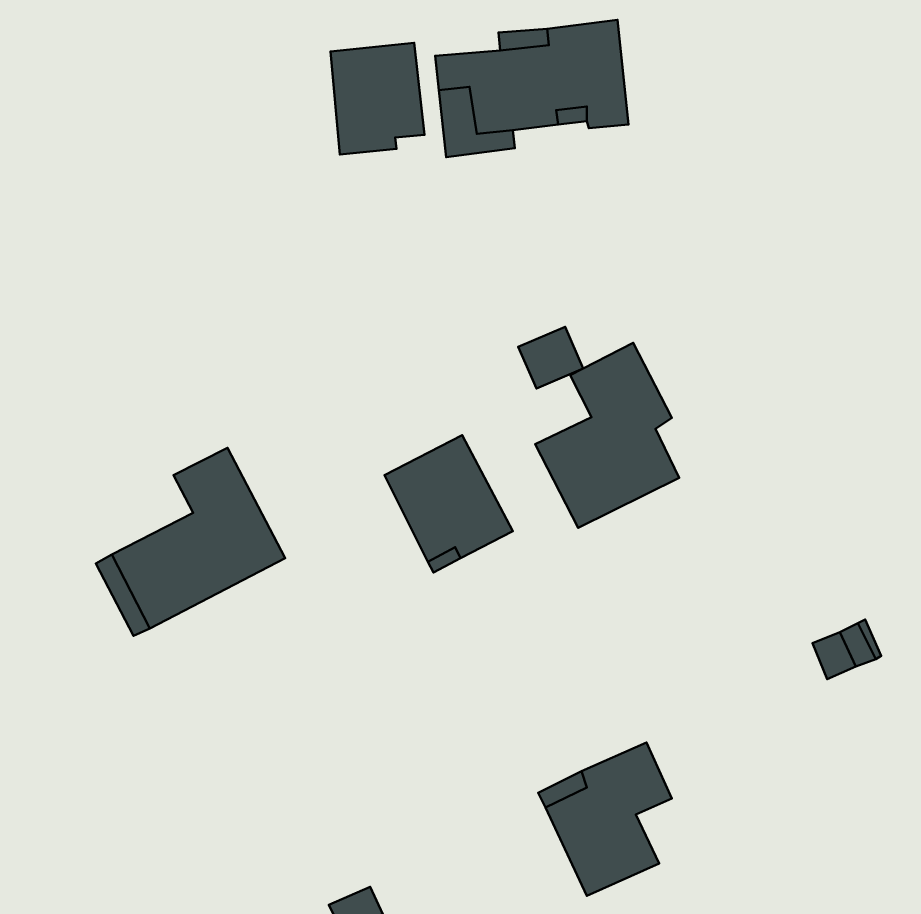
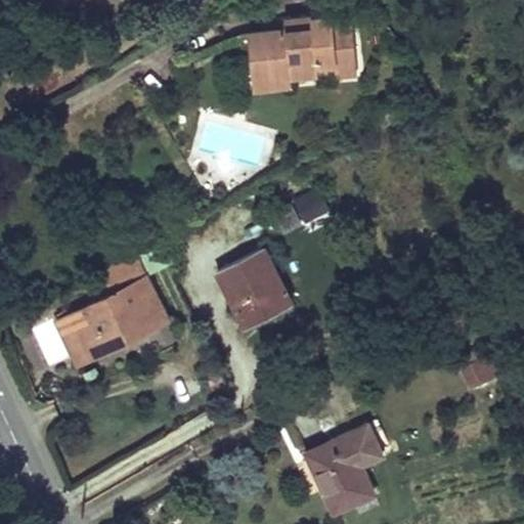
building: [331,43,425,155] -> none
building: [535,343,679,528] -> none

